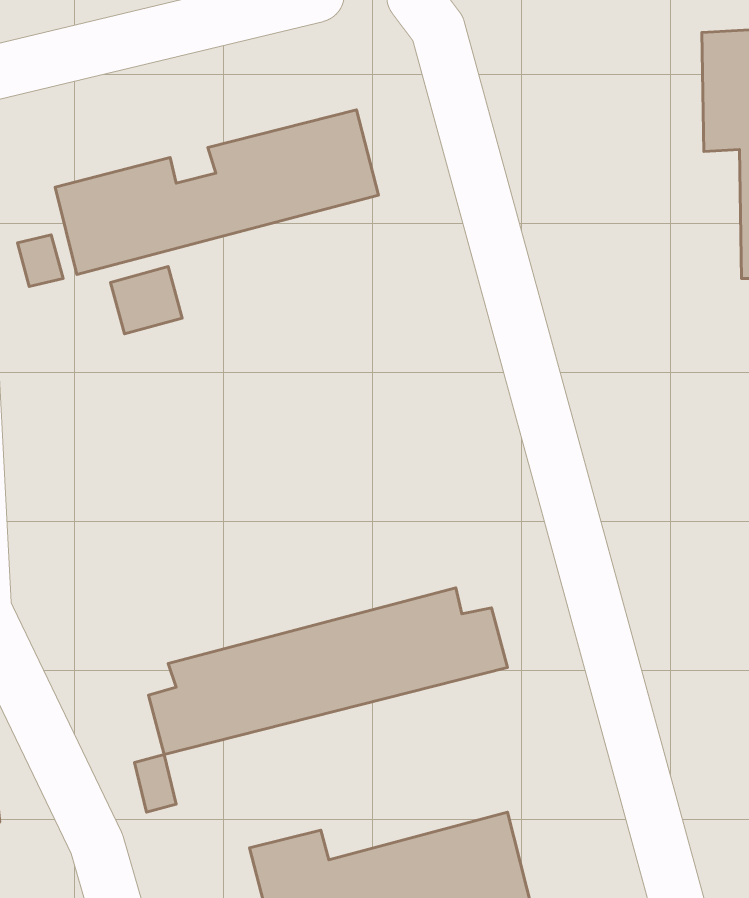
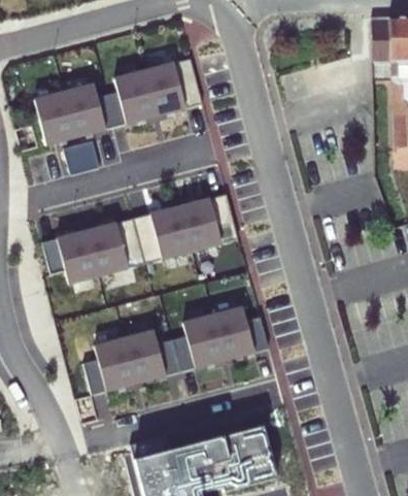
building: none -> [40,194,237,283]

